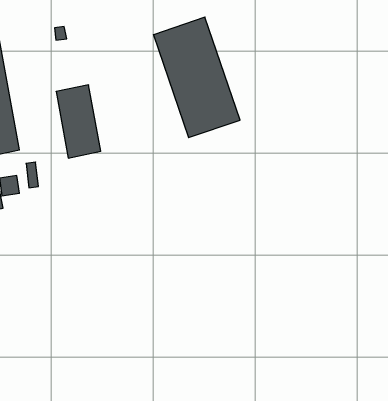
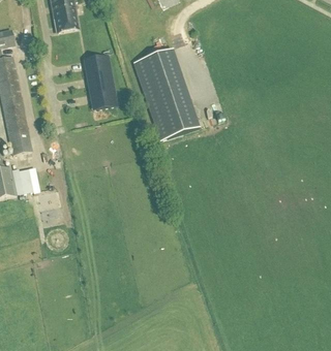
building: [56,85,101,158] -> [84,55,118,110]

